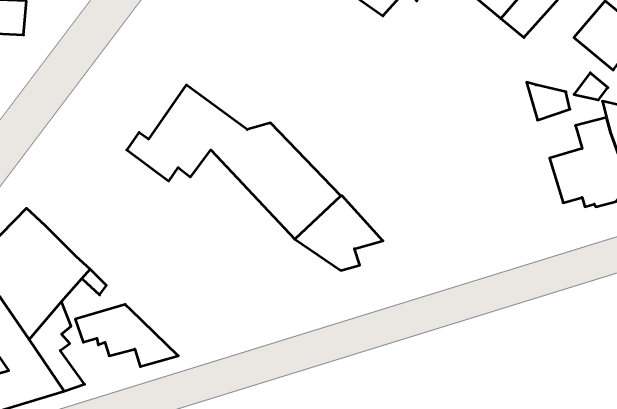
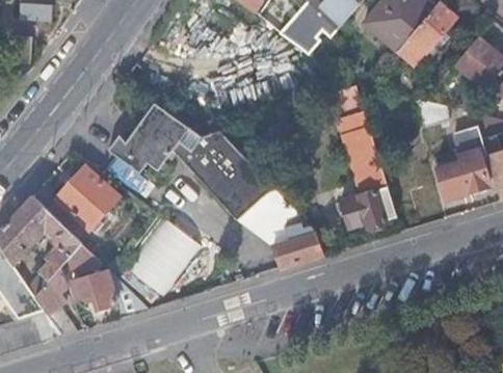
building: none -> [334,111,395,228]
building: none -> [46,166,116,233]
building: none -> [127,214,204,292]
building: none -> [272,220,323,267]

